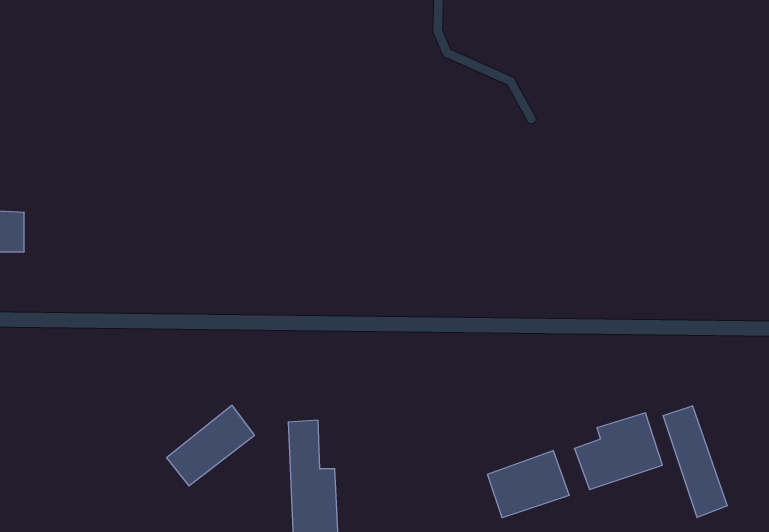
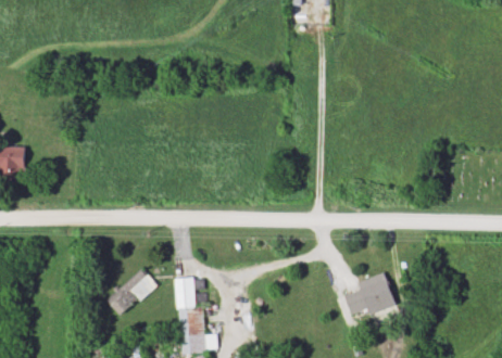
building: [663,406,727,518] -> none
building: [488,450,569,518] -> none

